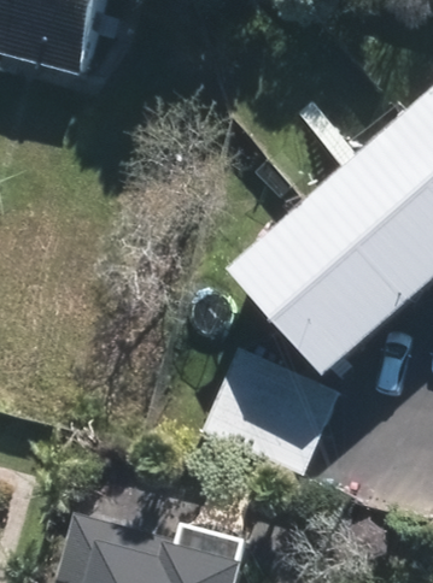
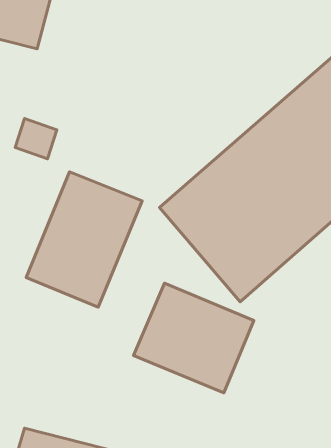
building: none -> [26,172,142,307]

